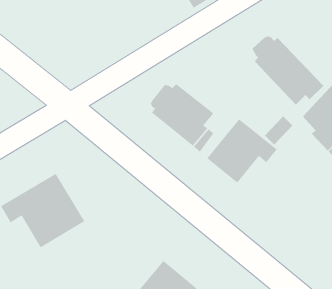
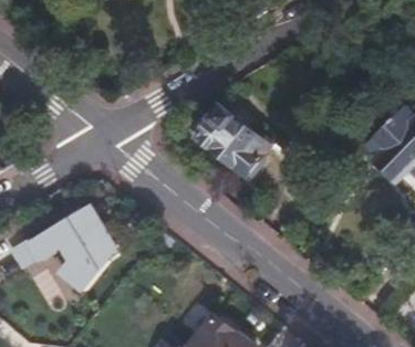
building: [252,35,324,105] -> none
building: [206,119,278,184] -> none

